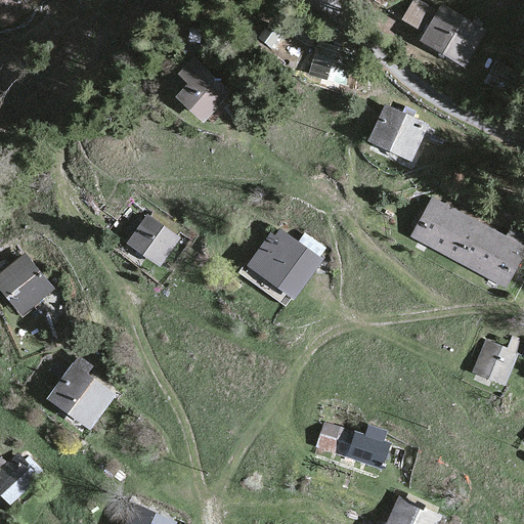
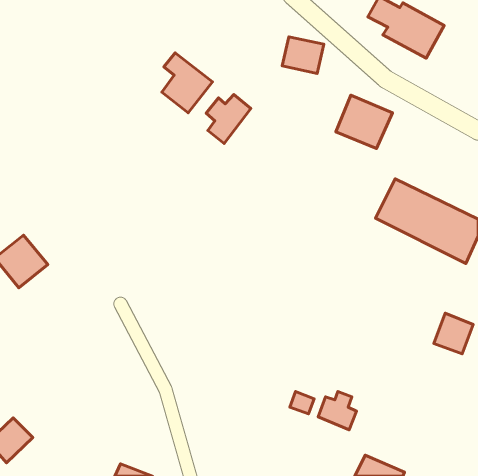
building: none -> [206,95,251,143]
building: [125,215,178,266] -> none
building: [247,229,321,303] -> none
building: [48,362,117,429] -> none

